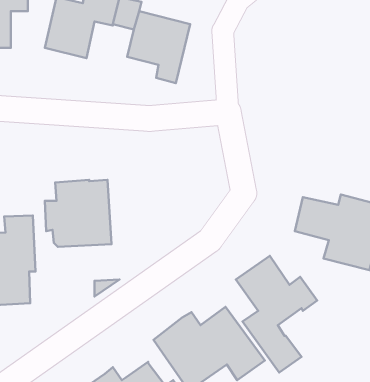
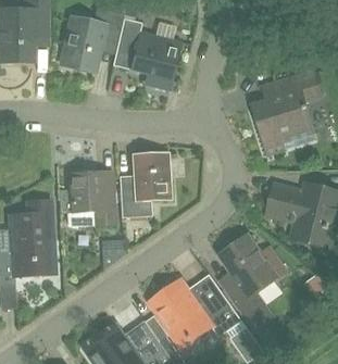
building: none -> [252,71,321,153]
building: none -> [118,153,168,217]

